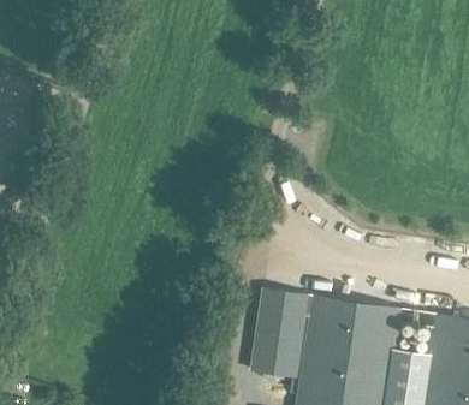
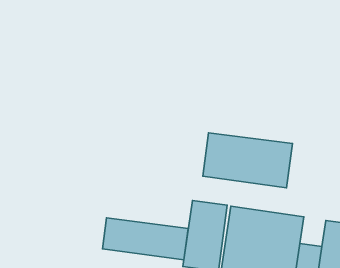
building: none -> [203,133,293,188]
building: none -> [102,218,188,260]

